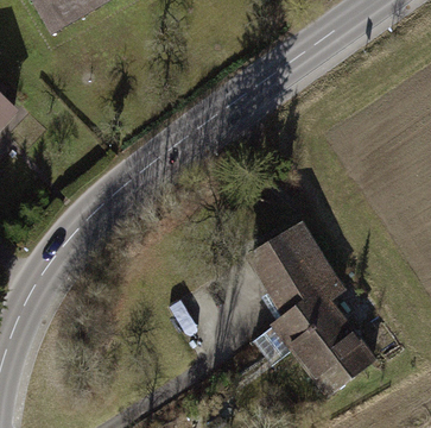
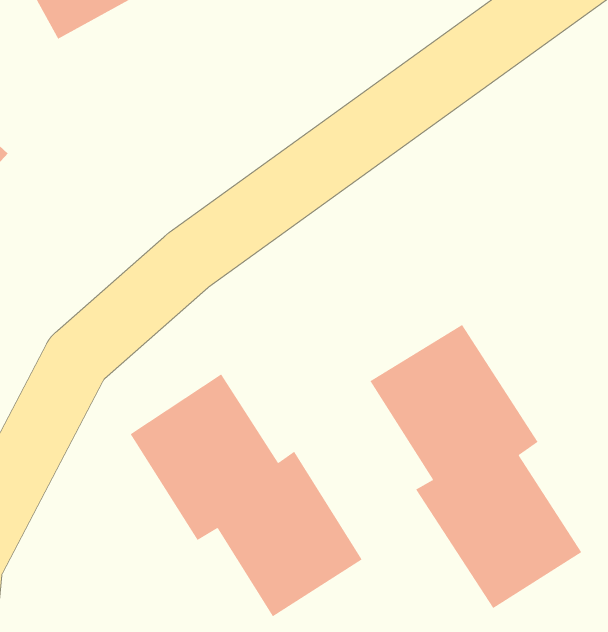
building: none -> [130,373,362,617]

